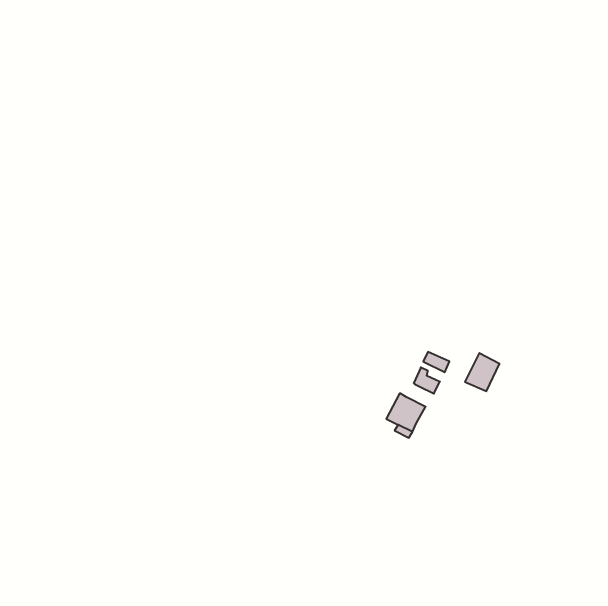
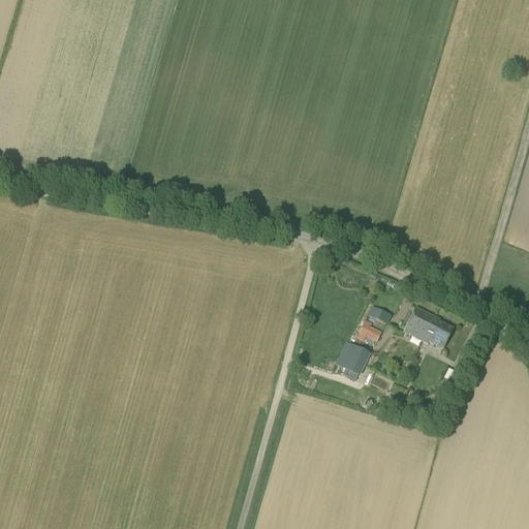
building: none -> [423,315,454,347]

